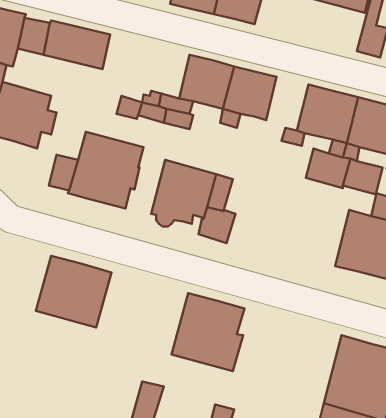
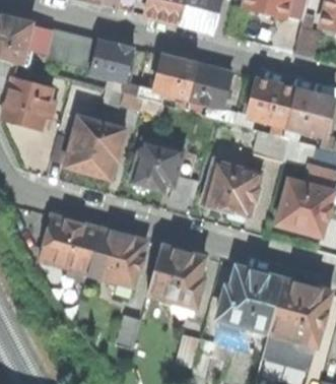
building: none -> [90,40,133,82]
building: none -> [203,159,261,219]
building: none -> [87,229,146,285]
building: none -> [216,265,282,332]

